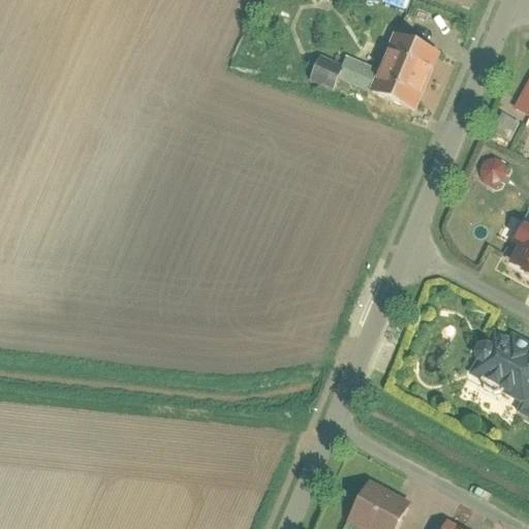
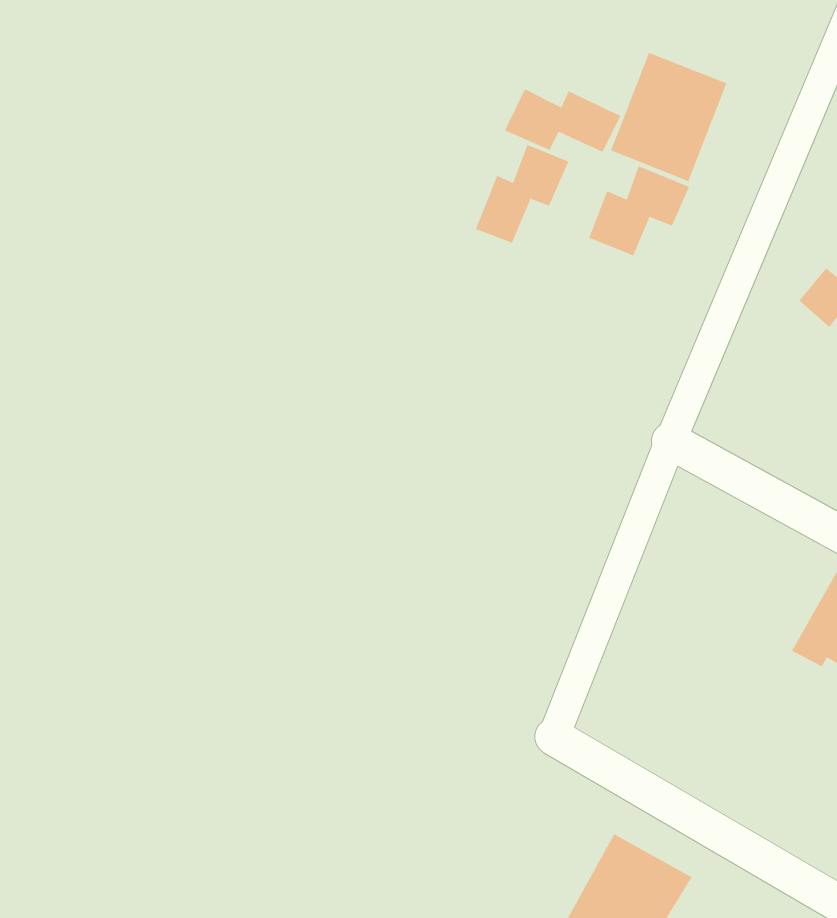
building: none -> [475,144,569,243]
building: none -> [588,165,690,256]

